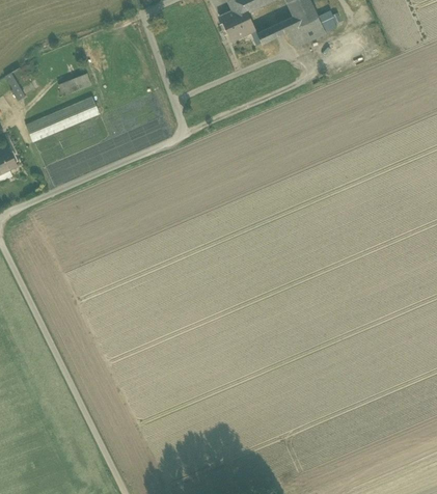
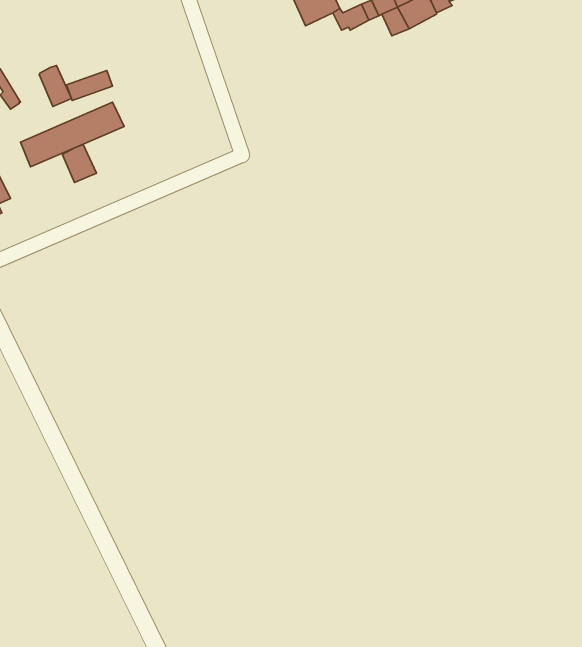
building: none -> [39,65,72,106]
building: none -> [62,145,96,183]

